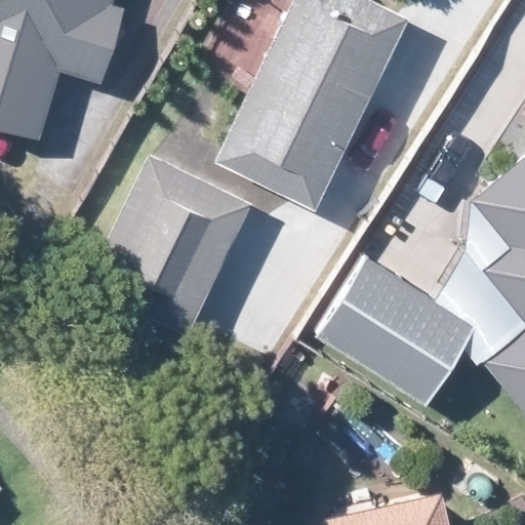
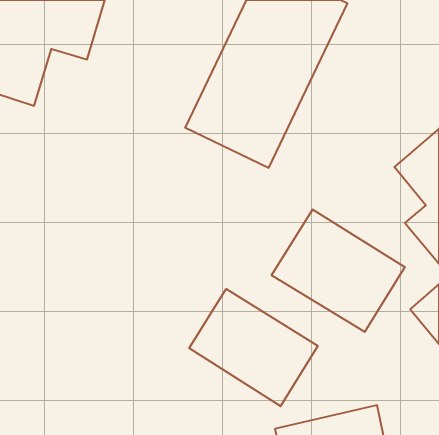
building: [87,154,251,334] -> none
building: none -> [189,289,318,406]

